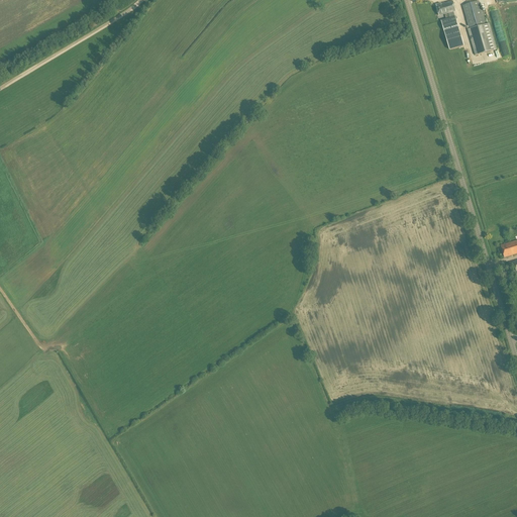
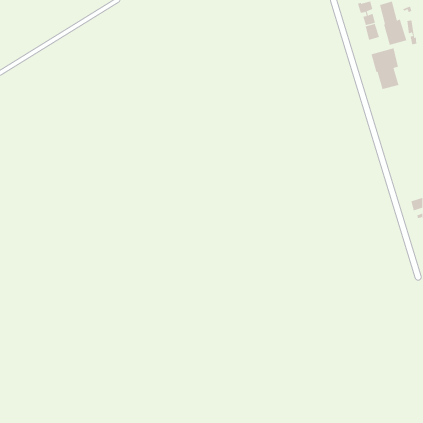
building: none -> [371,47,399,90]

